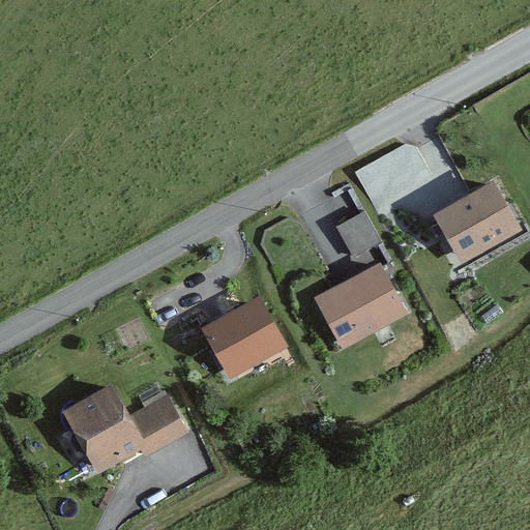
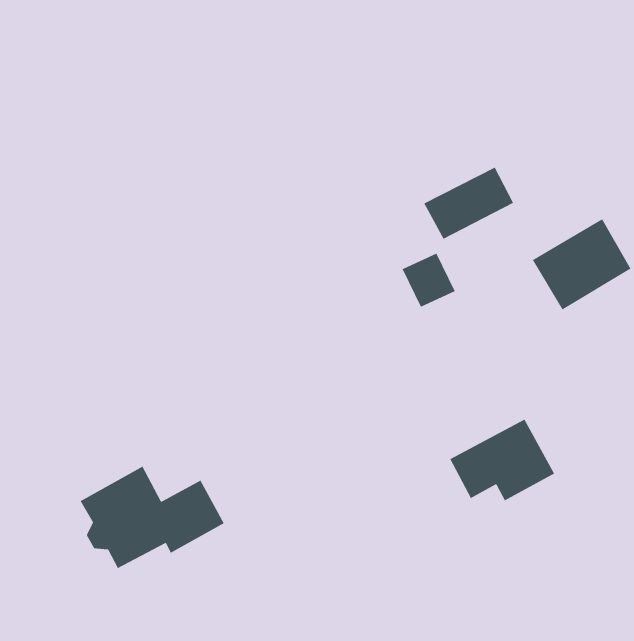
building: [316,267,403,335] -> [449,418,555,502]
building: [207,302,282,371] -> none

